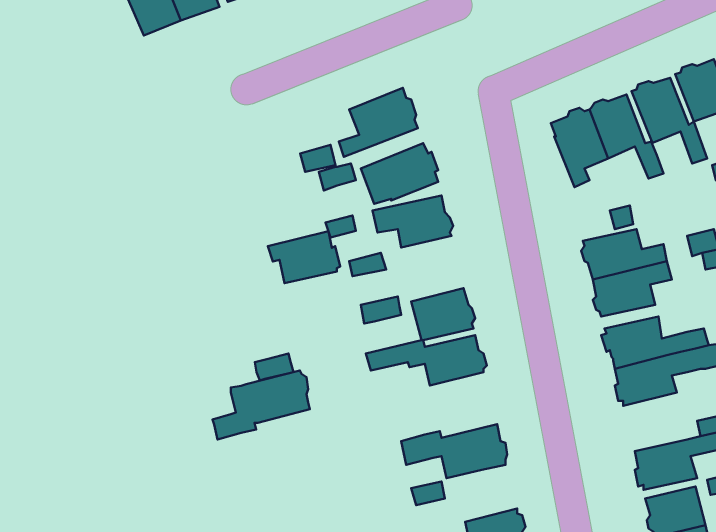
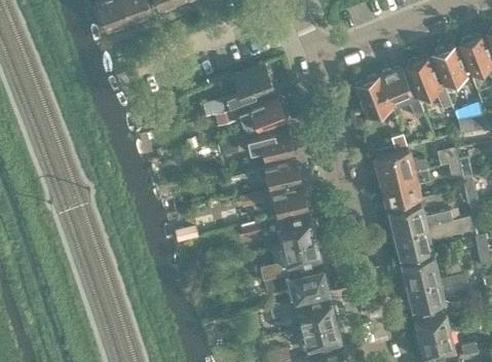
building: [268,231,340,283] -> [260,158,304,190]
building: [212,371,310,440] -> [262,238,321,280]
building: none -> [401,255,440,286]
building: none -> [298,298,337,329]

